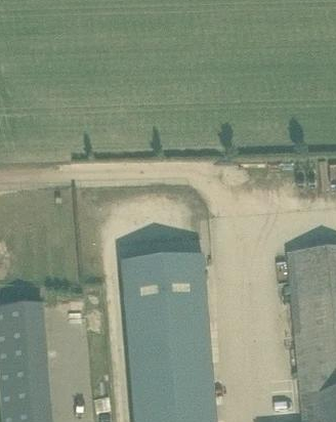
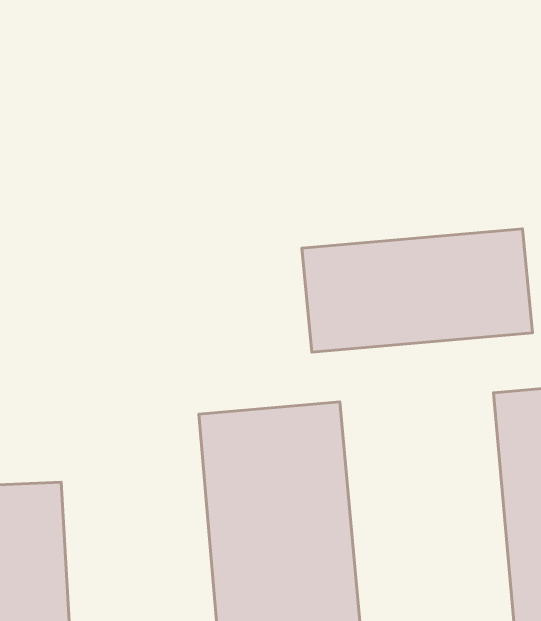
building: none -> [302,229,533,352]

